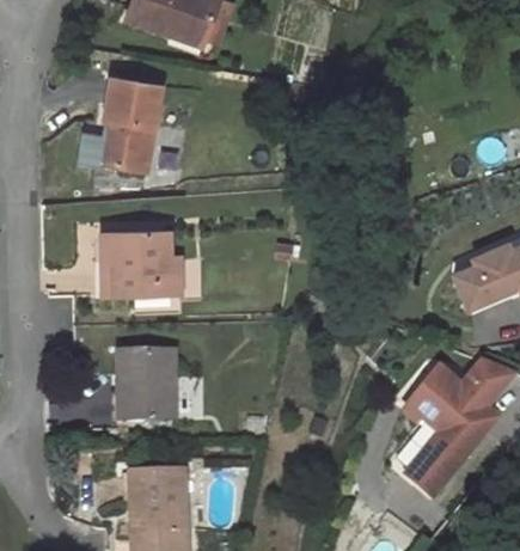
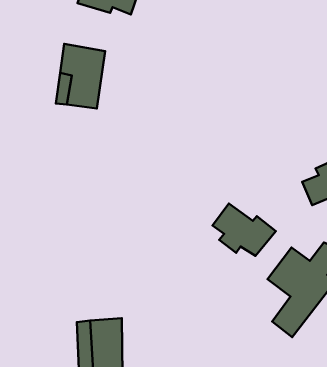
building: [104,221,184,289] -> none
building: none -> [212,204,276,256]
building: [123,349,183,421] -> none

